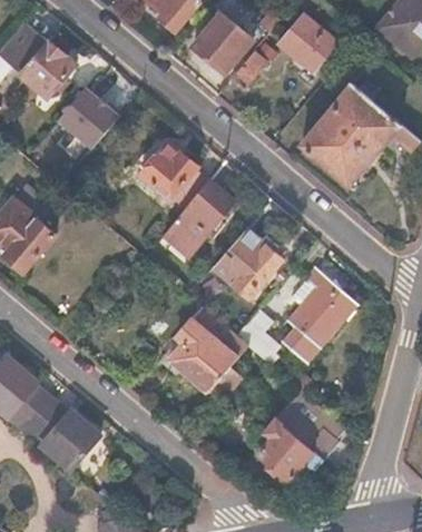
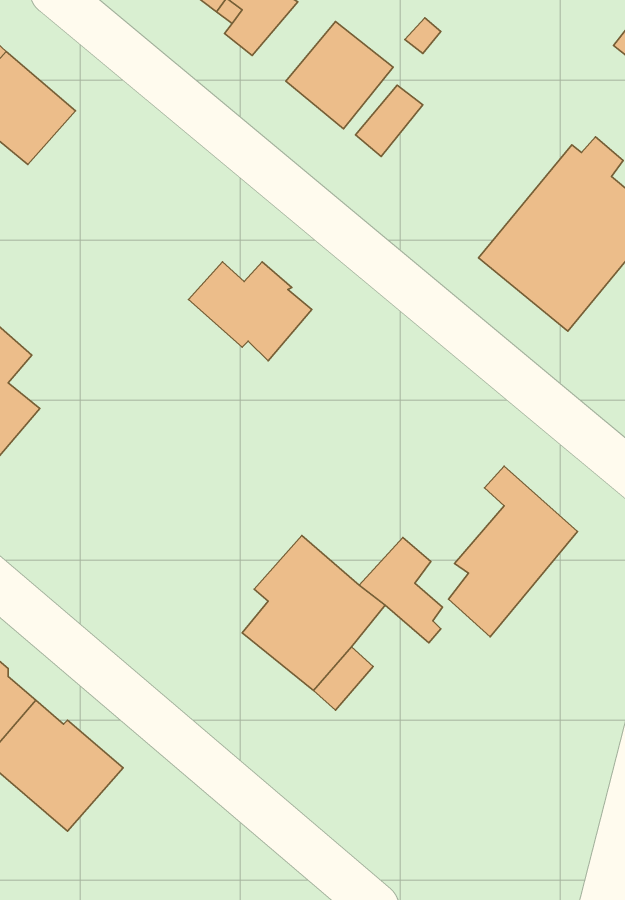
building: [275,16,338,78] -> none
building: [61,81,122,142] -> none
building: [160,178,233,255] -> none
building: [212,228,282,297] -> none
building: [256,388,345,479] -> none

